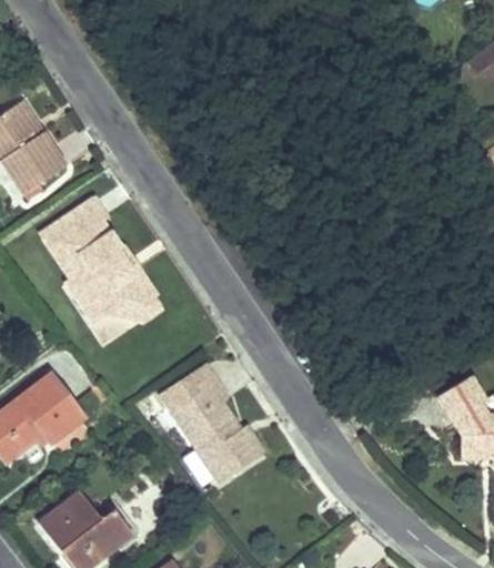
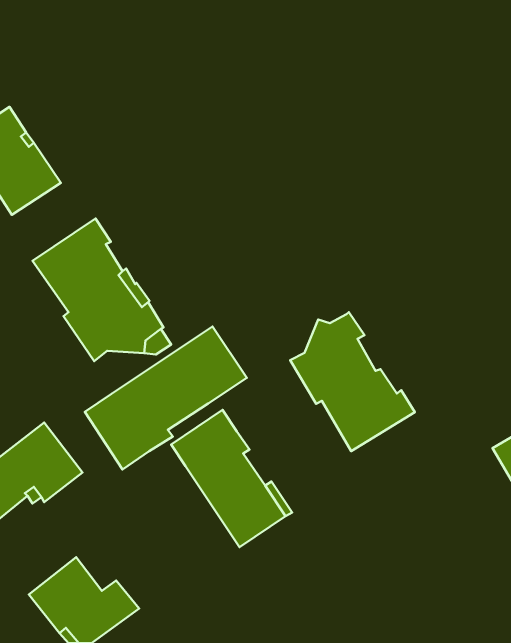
building: none -> [290,312,415,451]
building: none -> [85,326,247,469]

